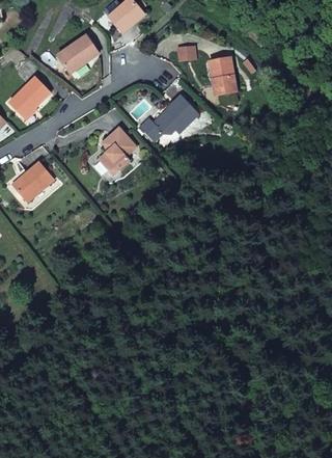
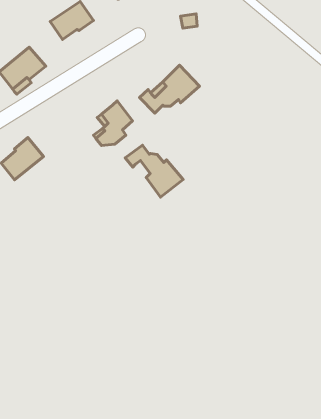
building: [210,56,236,92] -> none
building: none -> [125,145,183,197]

